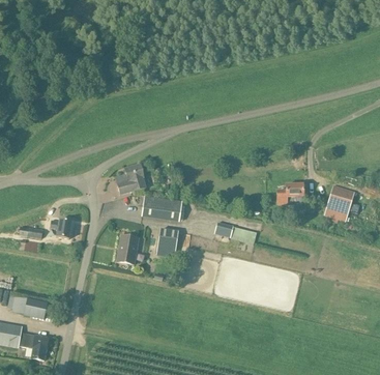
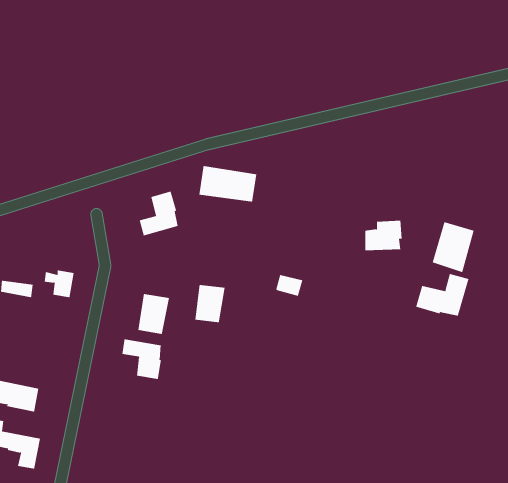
building: [141,195,182,221] -> [199,165,257,202]
building: none -> [415,273,469,317]
building: none -> [122,339,162,380]

